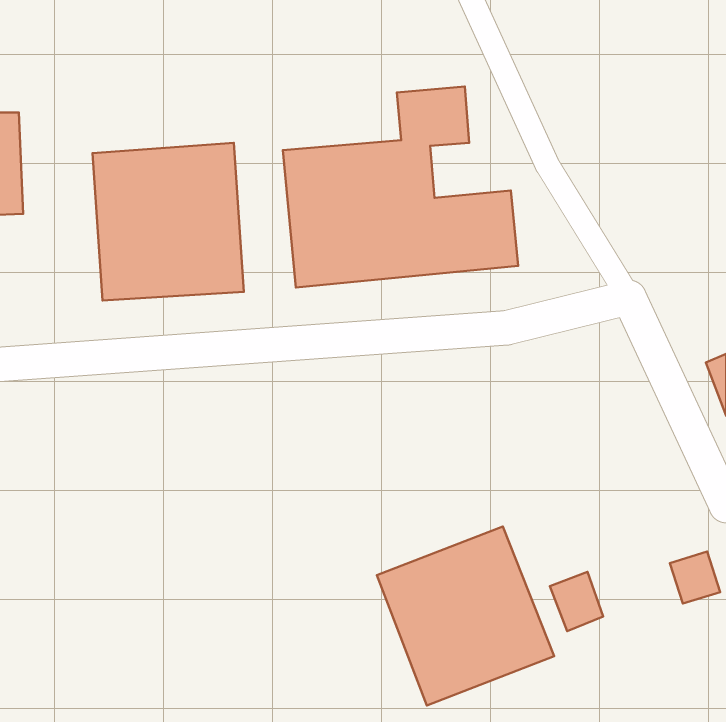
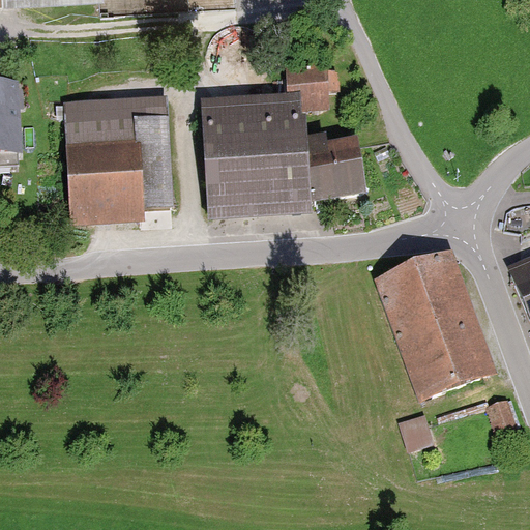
building: none -> [367,248,490,400]
building: [377,526,554,706] -> none

